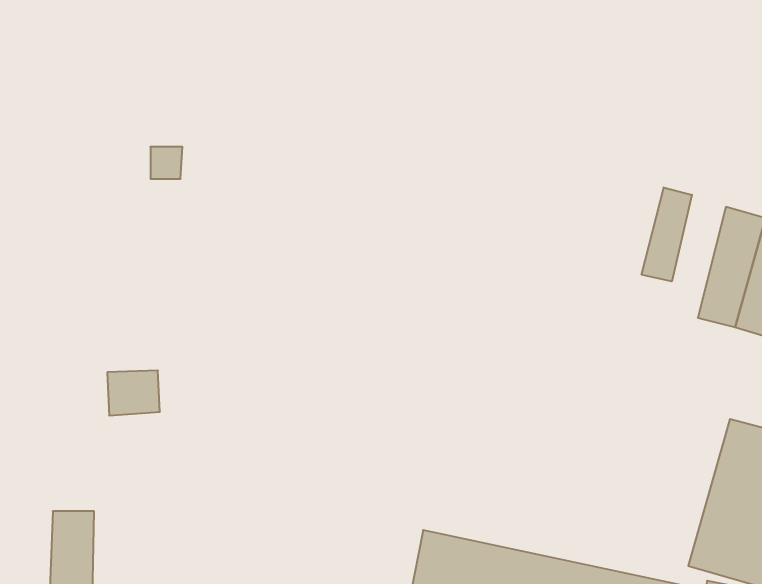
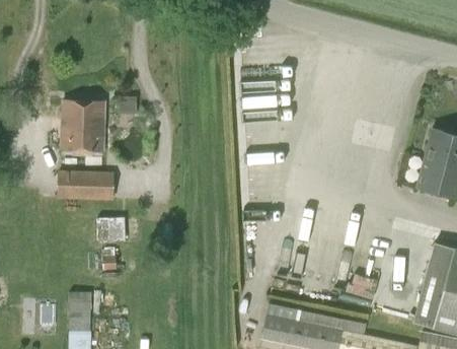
building: none -> [63,99,104,151]
building: [642,187,692,281] -> none
building: none -> [58,170,115,200]

